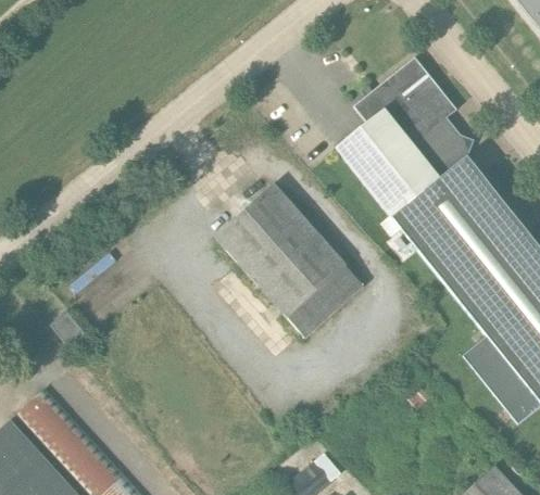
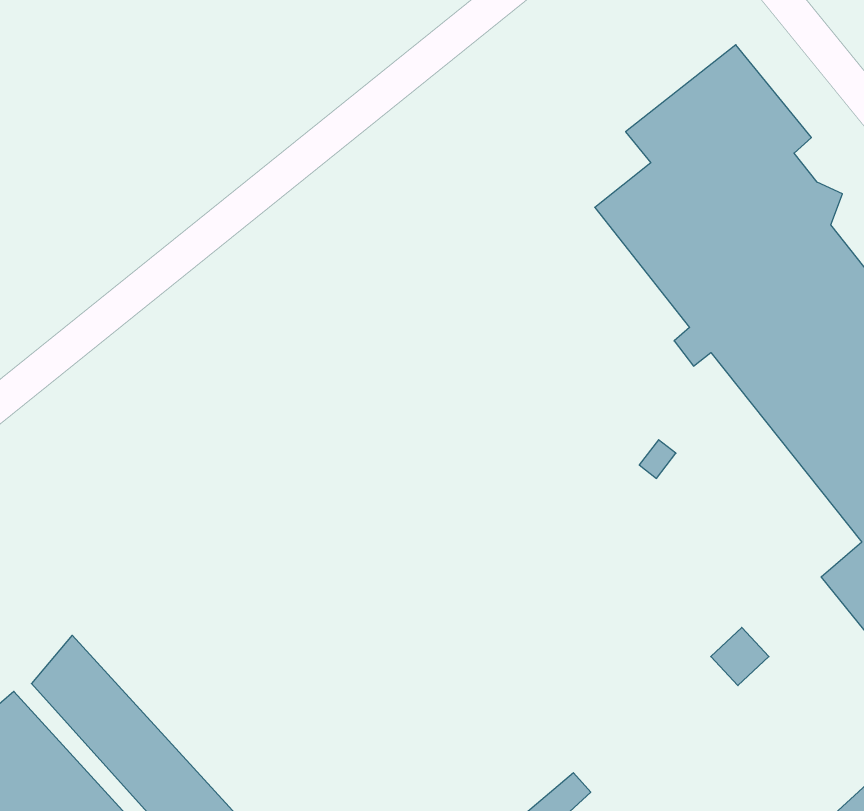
building: [215,185,363,338] -> none

